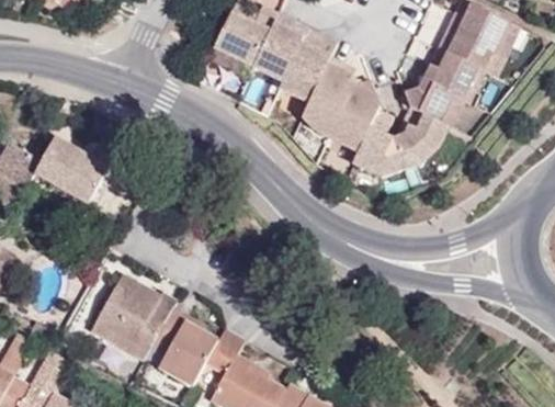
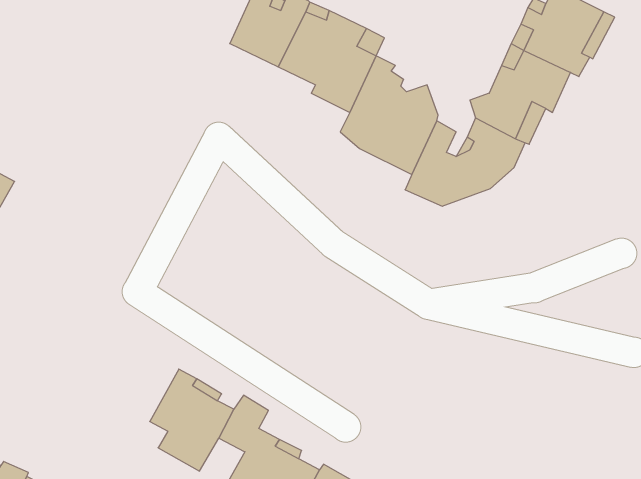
building: [35,133,113,202] -> none
building: [89,272,175,359] -> none

